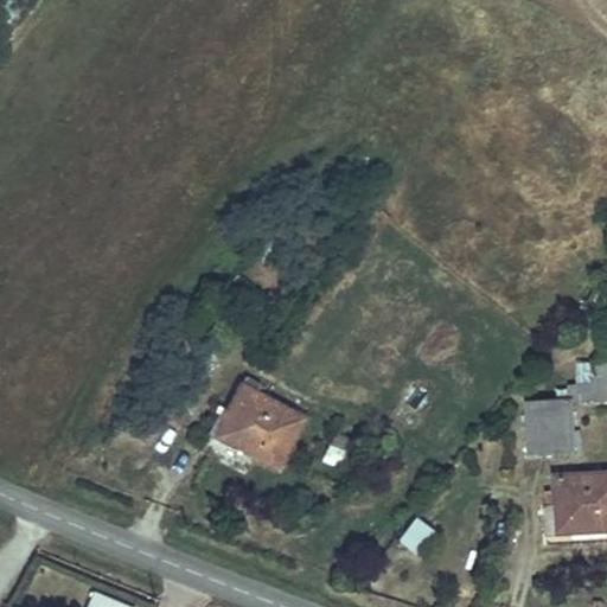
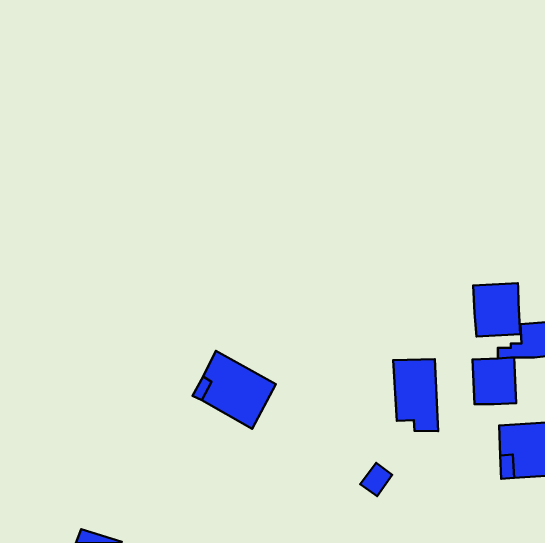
building: none -> [473,283,520,336]
building: none -> [393,359,438,431]

